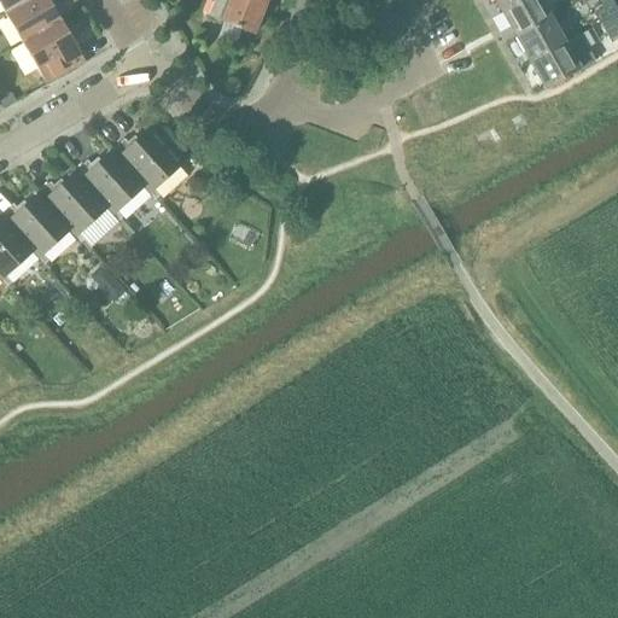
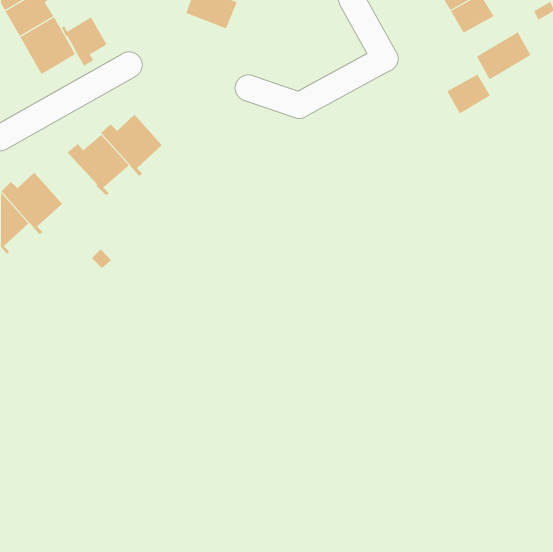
building: [517,18,566,63] -> [446,74,491,114]
building: none -> [61,17,108,67]
building: [39,170,109,240] -> none

